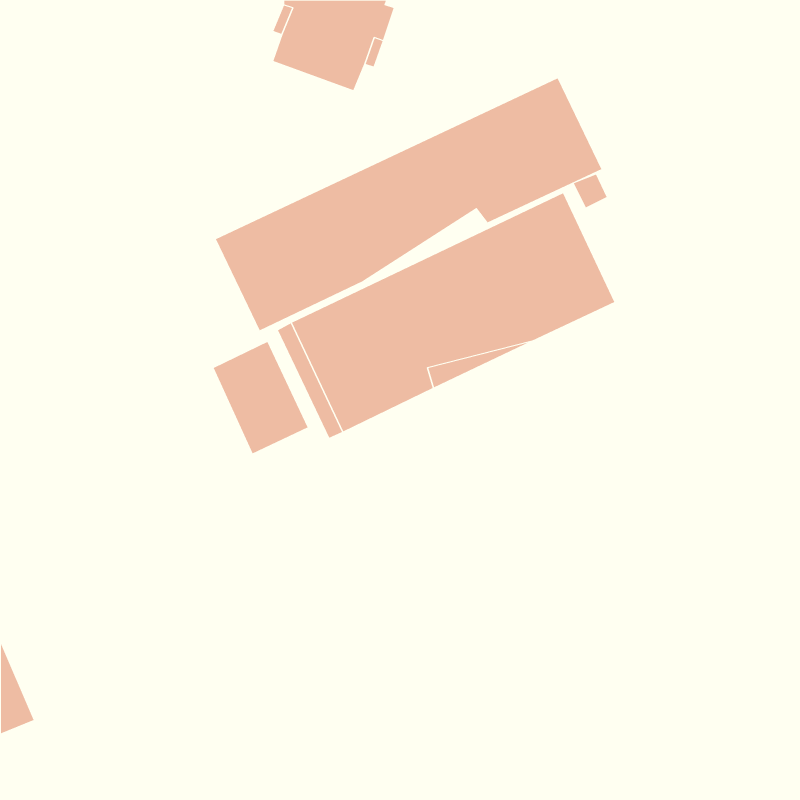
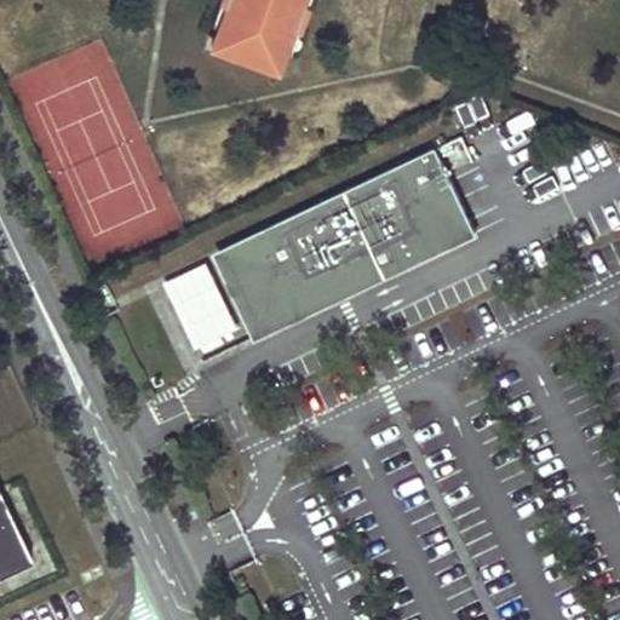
building: [215,77,602,331] -> none

